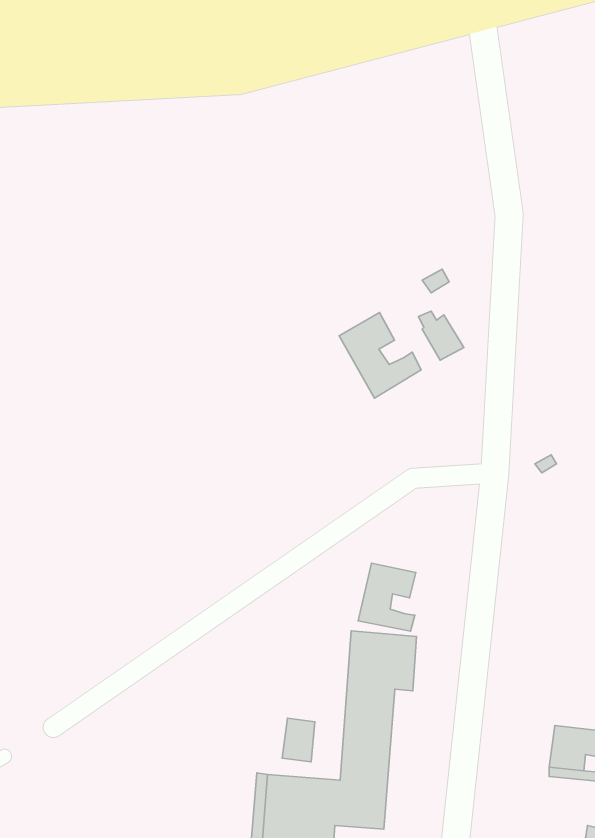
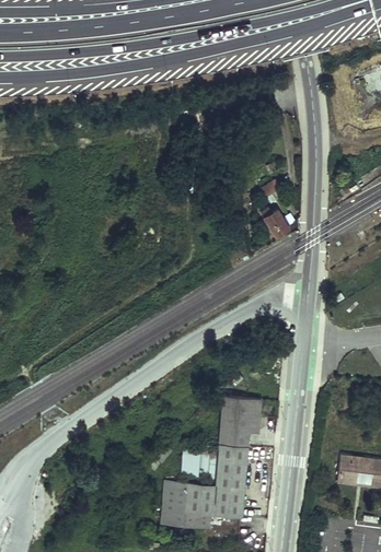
building: [339,312,421,398] -> none
building: [358,563,416,631] -> none

